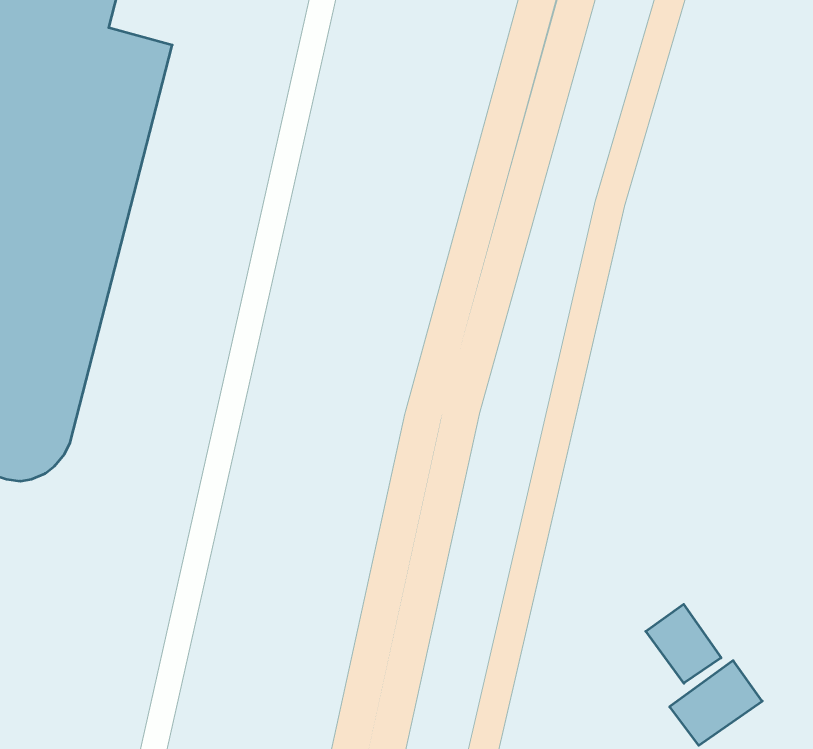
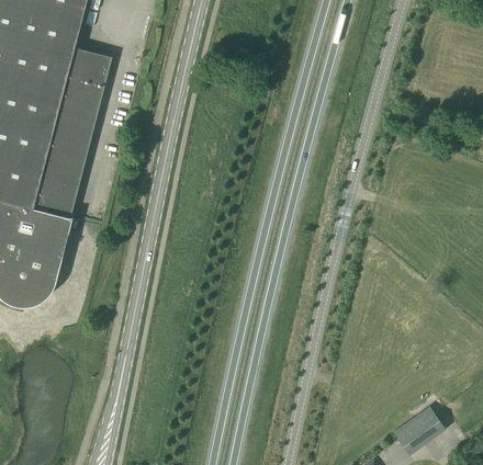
building: [646,604,721,683] -> none

